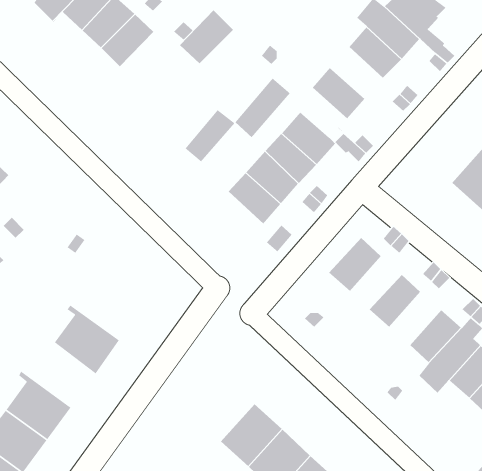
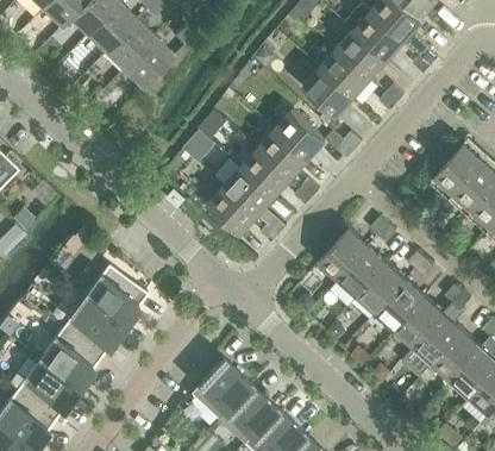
building: [179,10,234,64] -> [124,36,175,87]
building: none -> [320,50,370,99]
building: [235,78,291,138] -> none
building: none -> [207,186,258,236]
building: none -> [339,246,388,296]
building: none -> [77,264,148,325]
building: none -> [376,280,425,330]
building: none -> [31,327,101,388]
building: none -> [190,359,250,420]

